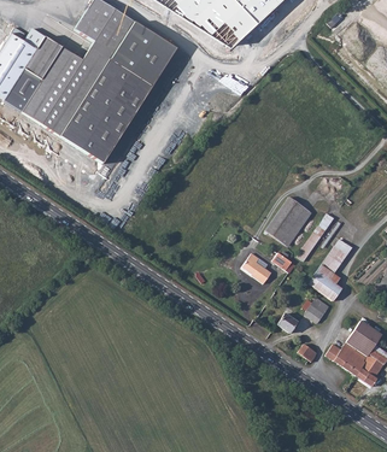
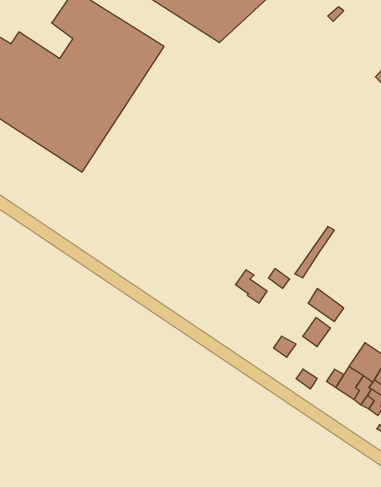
building: [265,196,310,245] -> none
building: [317,237,352,283] -> none

